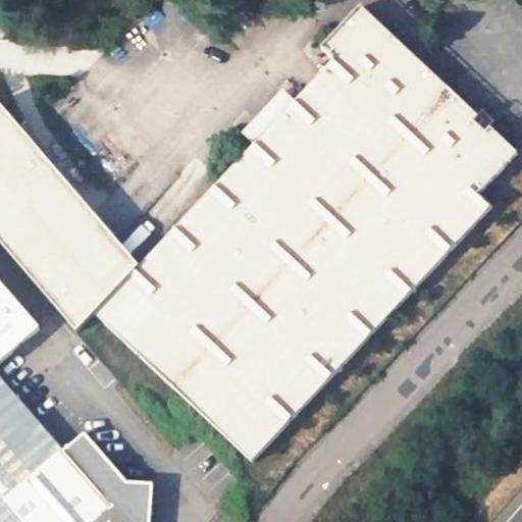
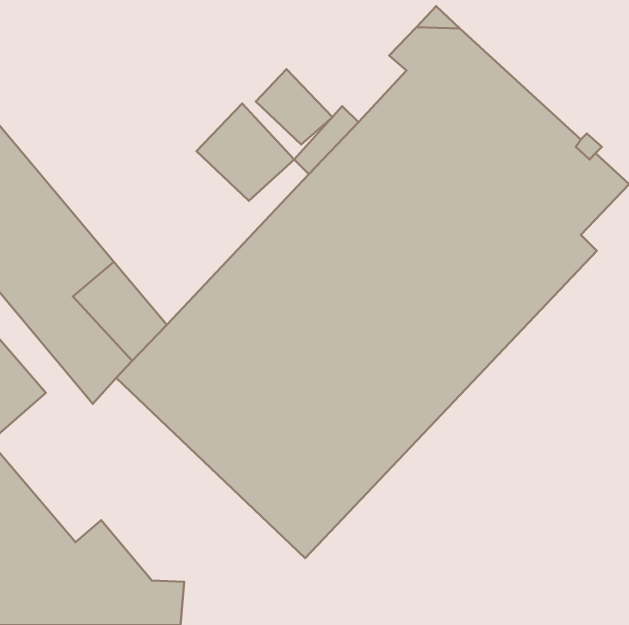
building: none -> [256,69,332,145]
building: none -> [196,104,294,201]

